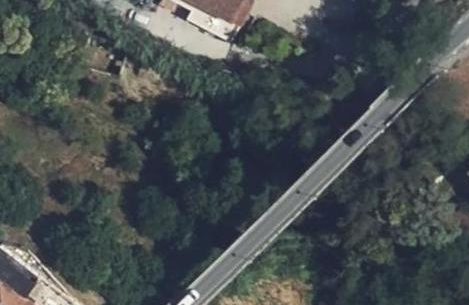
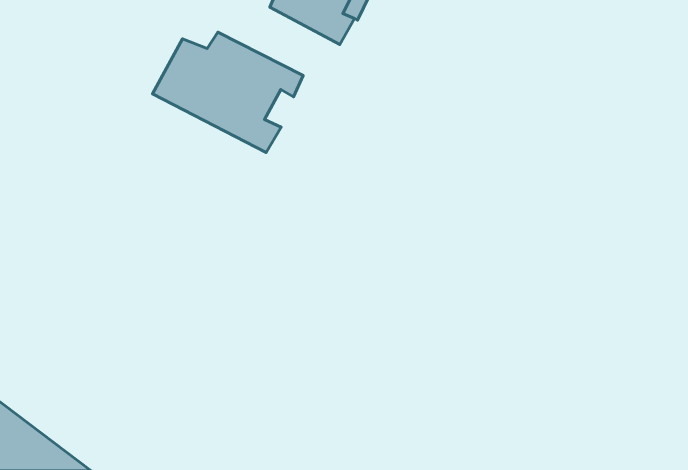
building: none -> [152,32,303,153]

